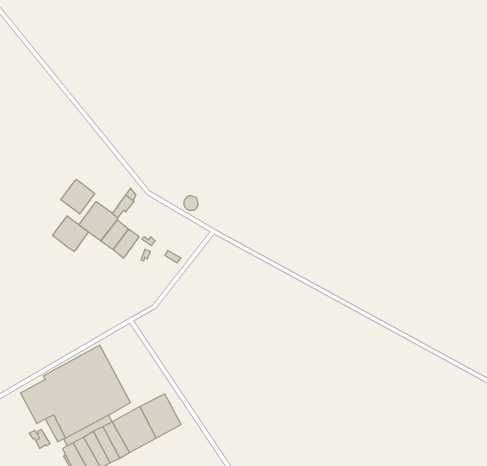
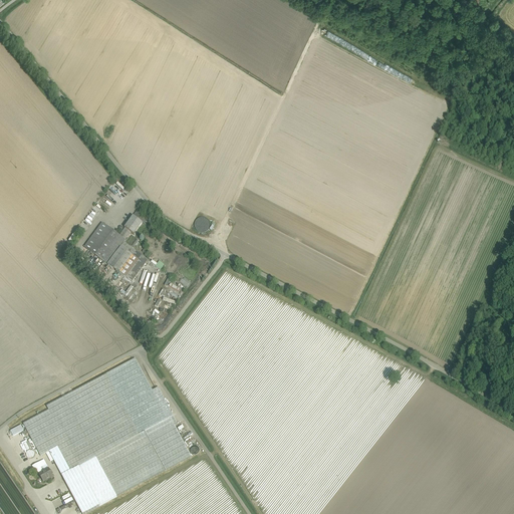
building: [61,179,95,214] -> none
building: [52,216,89,252] -> none
building: none -> [105,356,172,433]

